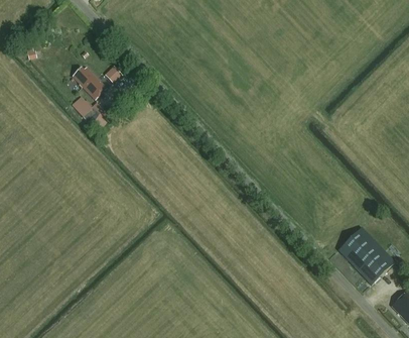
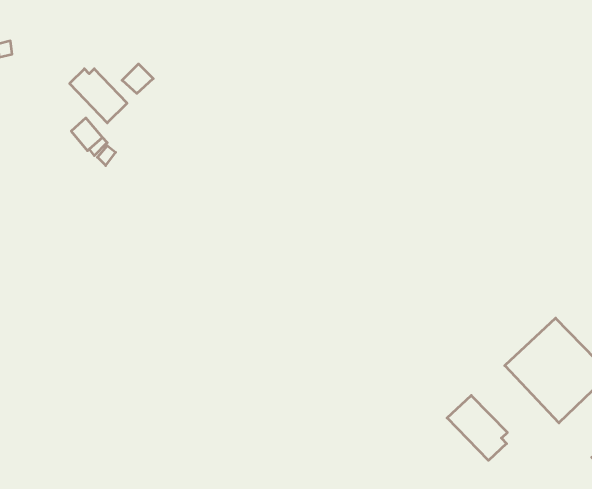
building: none -> [447,395,507,460]

